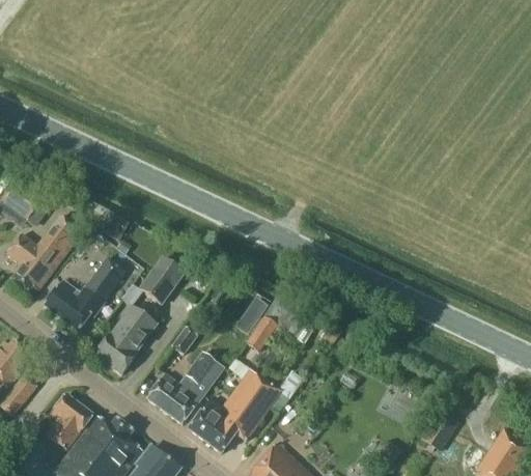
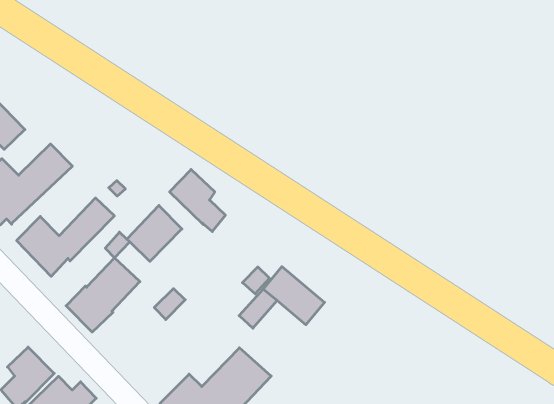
building: none -> [170,169,225,232]
building: [146,353,222,423] -> none

